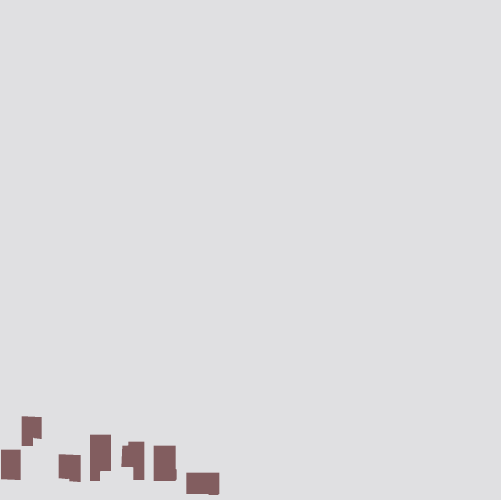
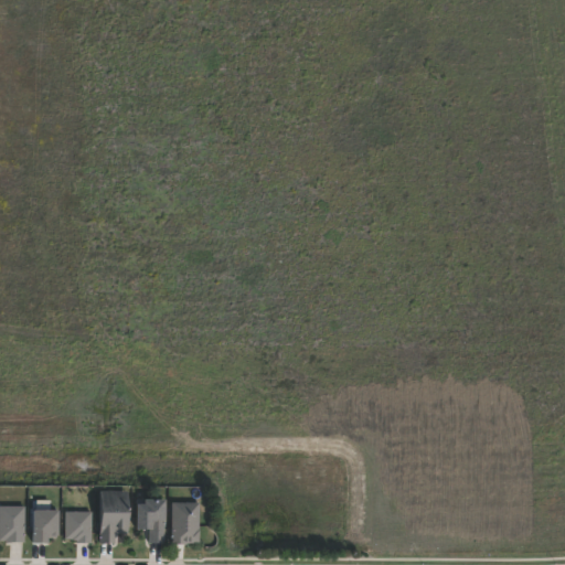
building: [21,416,43,446] -> [34,510,58,544]
building: [186,472,220,496] -> none

